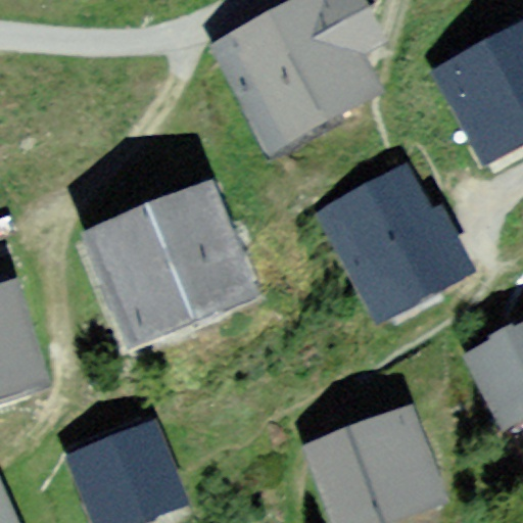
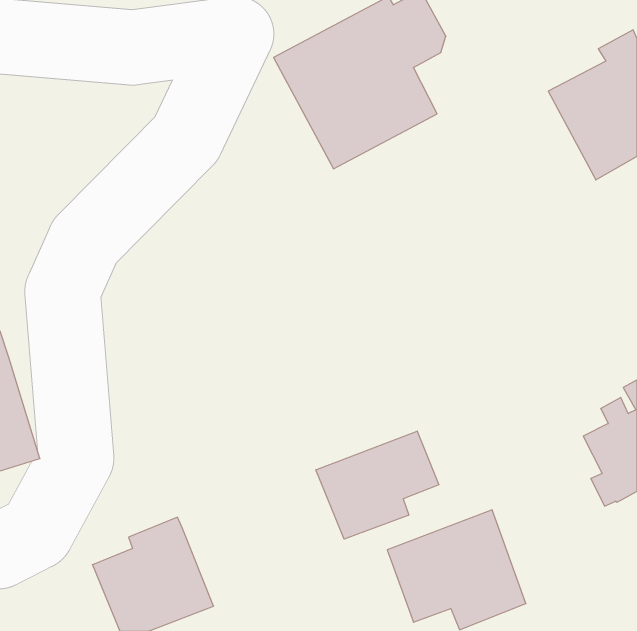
building: [331,177,456,303] -> none
building: [85,193,240,332] -> none
building: none -> [316,431,439,539]

